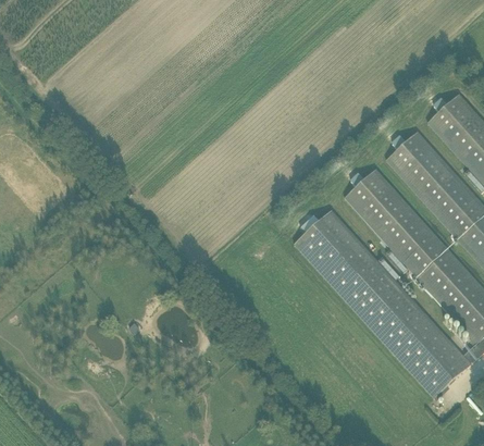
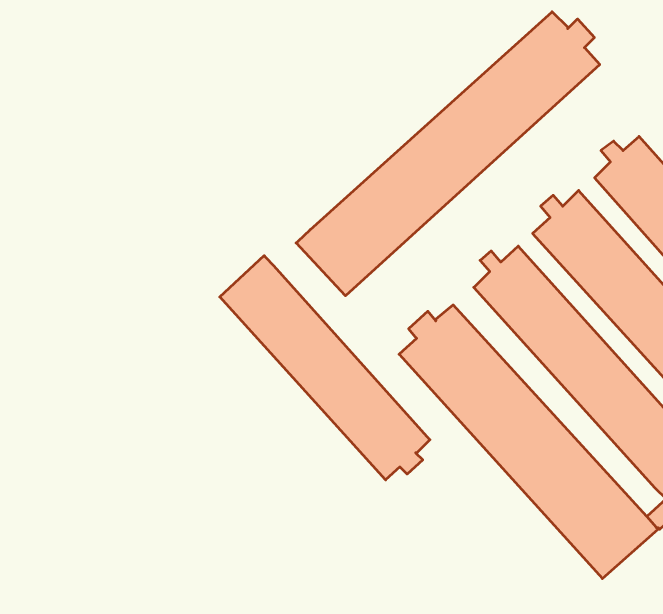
building: none -> [296,12,600,296]
building: none -> [220,256,430,480]

